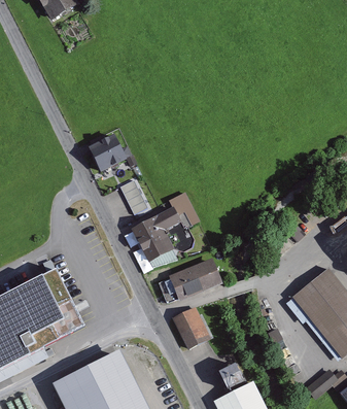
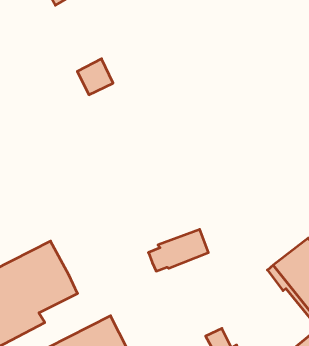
building: [89,133,127,171] -> [77,59,113,95]
building: [119,180,148,214] -> none
building: [132,191,200,261] -> none
building: [172,306,210,348] -> none

